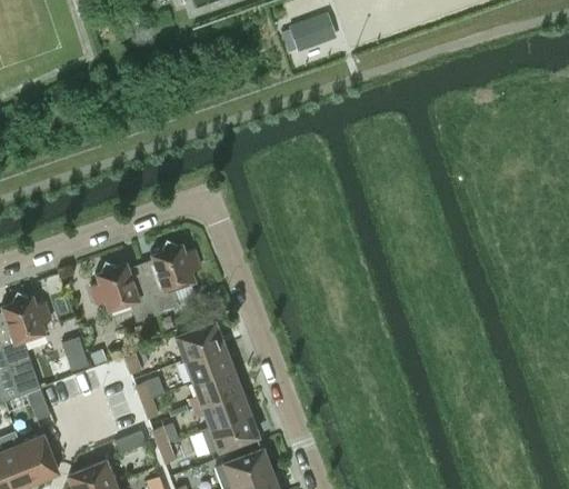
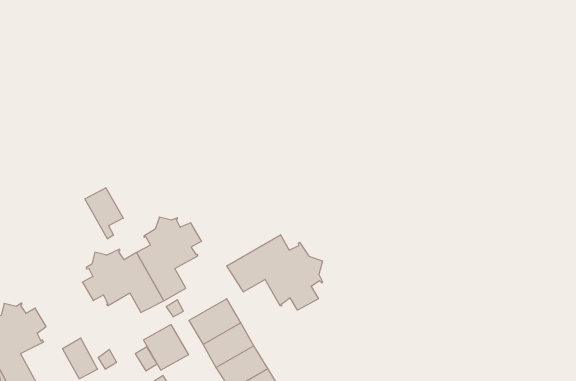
building: none -> [85,188,123,239]
building: none -> [227,235,323,310]
building: none -> [144,325,188,370]

